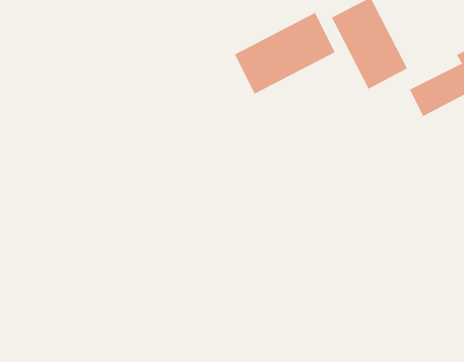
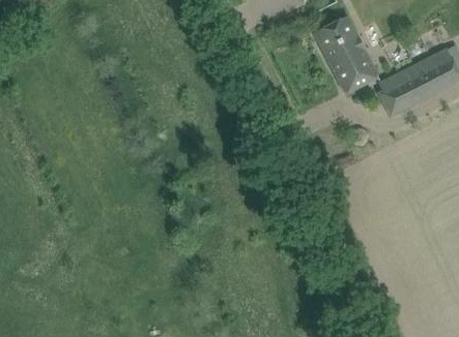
building: [234,12,335,94] -> none

